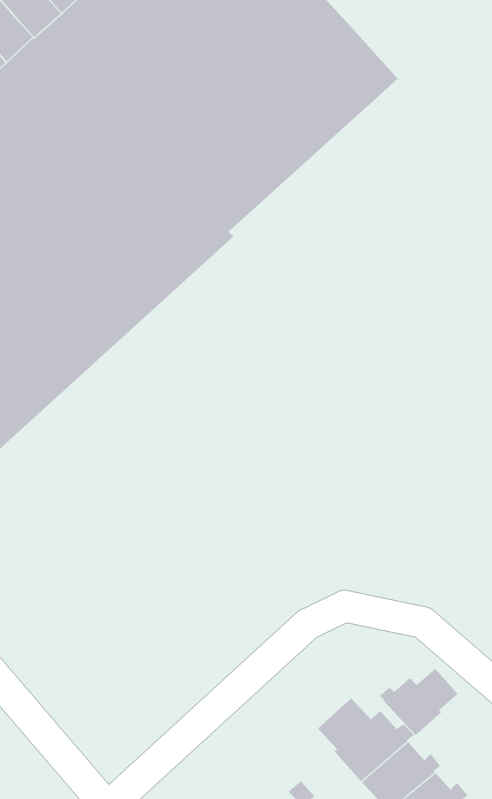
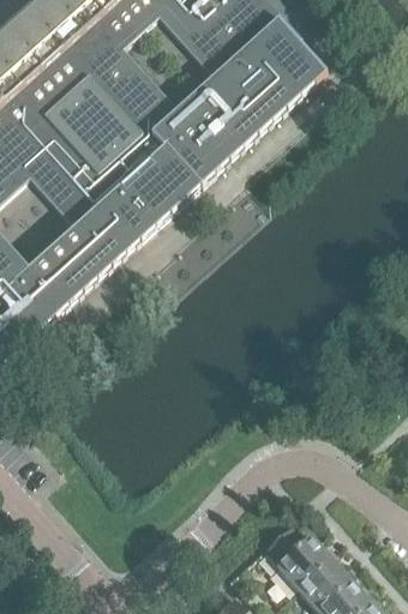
building: [379,668,459,736] -> none

